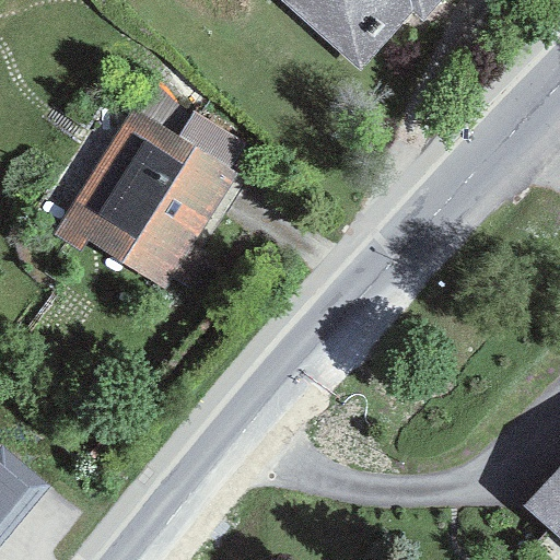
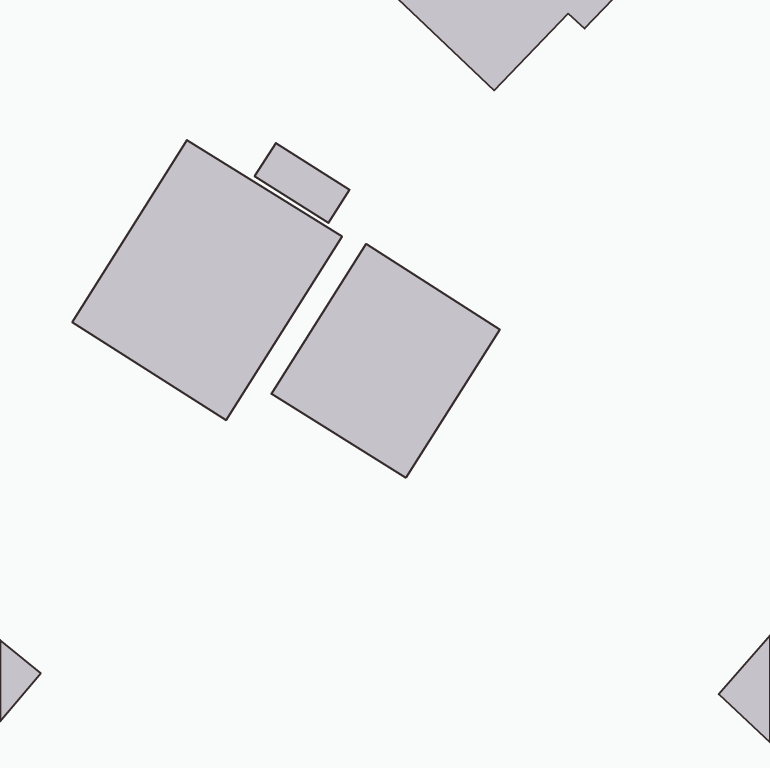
building: none -> [271,244,500,478]

